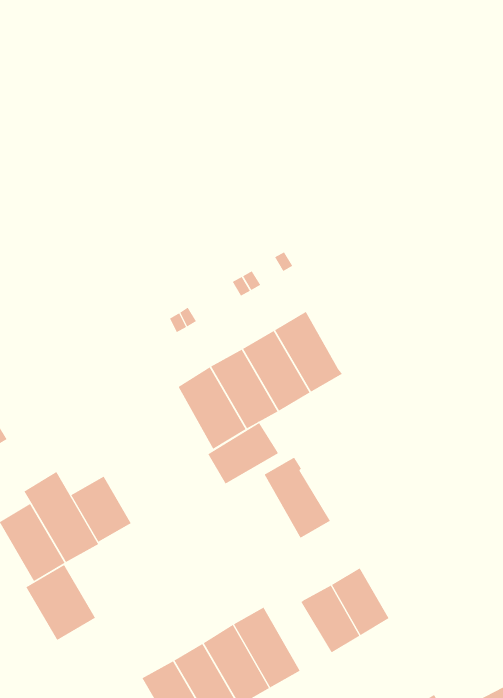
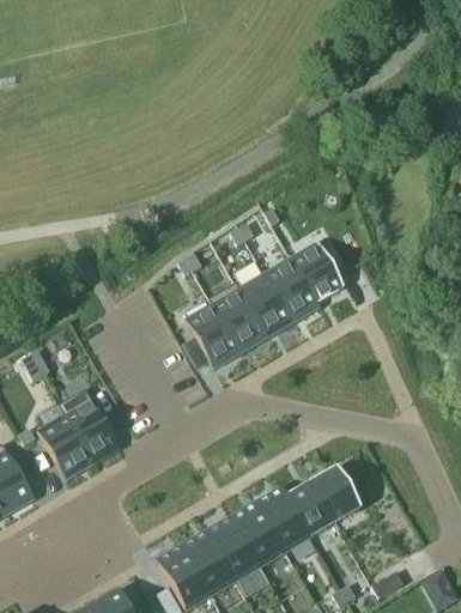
building: none -> [291,242,344,303]
building: [207,422,278,485] -> none
building: [264,457,331,538] -> [256,485,311,552]
building: [71,476,131,542] -> none
building: [25,564,96,641] -> none

